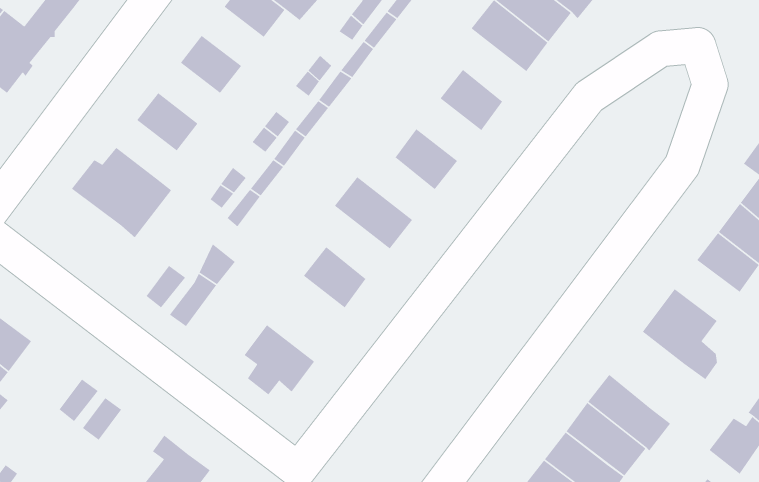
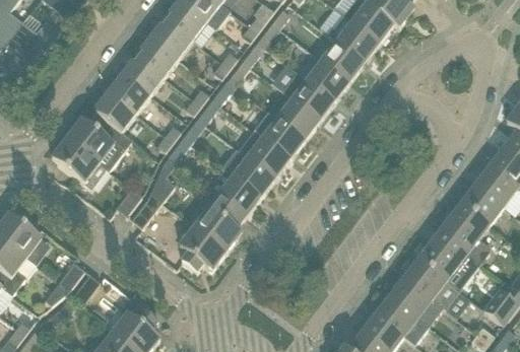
building: none -> [151,19,192,58]
building: none -> [322,41,364,81]
building: none -> [123,56,164,95]
building: none -> [281,71,334,120]
building: none -> [95,93,135,131]
building: none -> [253,111,304,158]
building: none -> [51,138,99,189]
building: none -> [220,147,274,197]
building: none -> [460,185,503,224]
building: none -> [194,195,245,251]
building: none -> [417,231,480,291]

